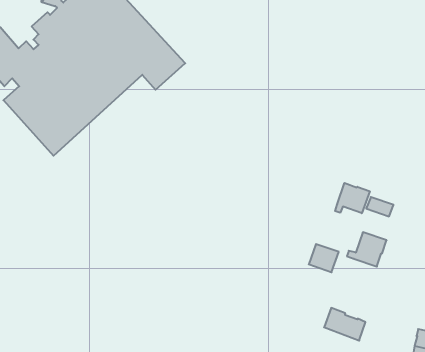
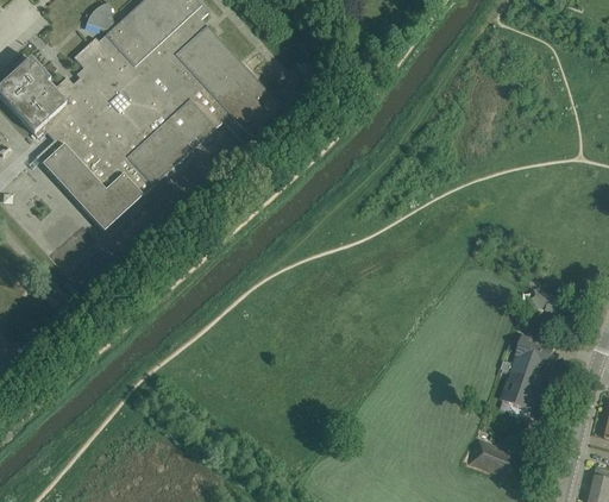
building: [335,183,370,213] -> none
building: [309,244,339,272] -> [500,370,540,408]

